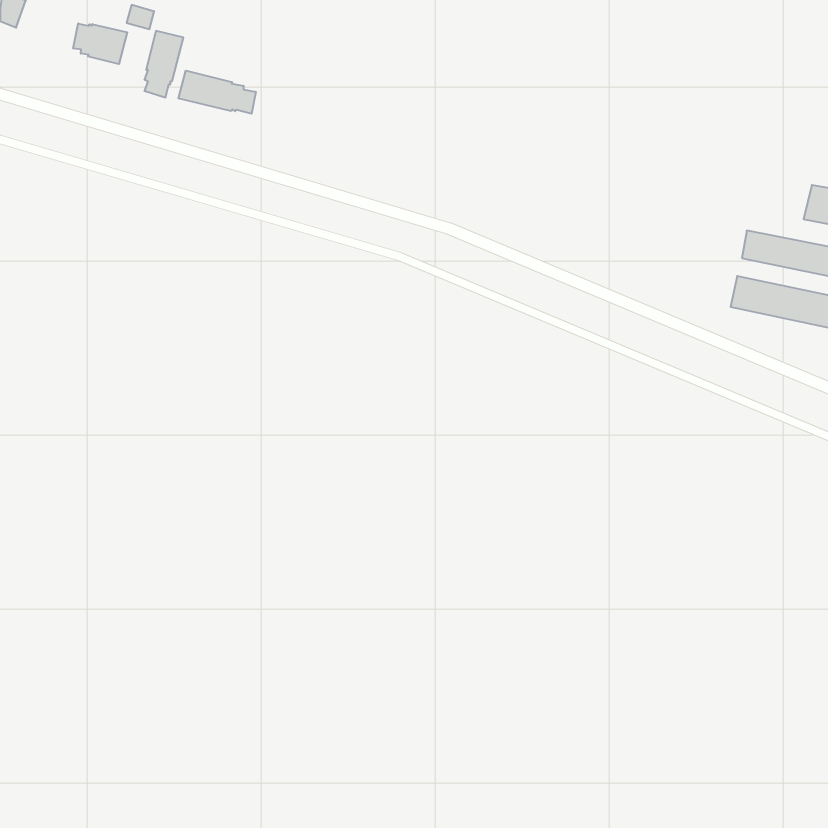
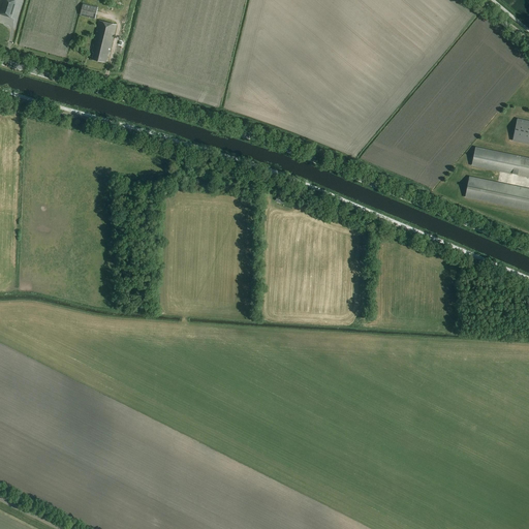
building: [73,23,127,64] -> none
building: [178,71,256,114] -> none

